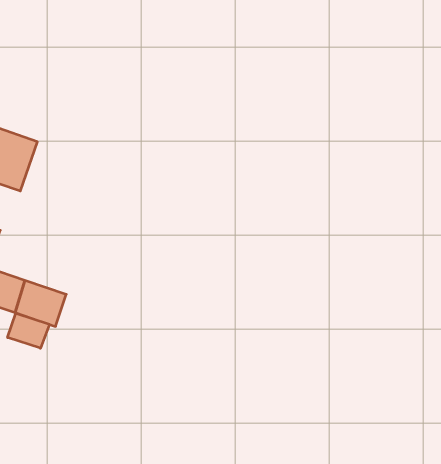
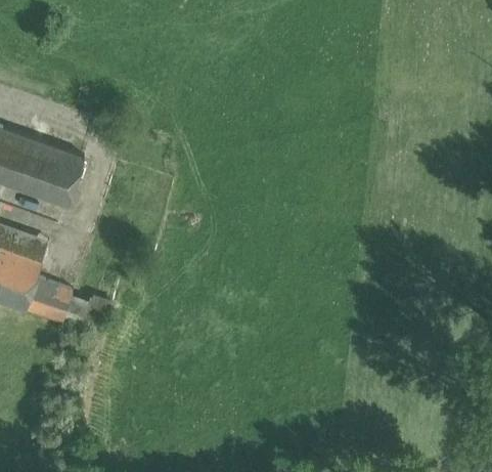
building: [8,313,49,348] -> none

